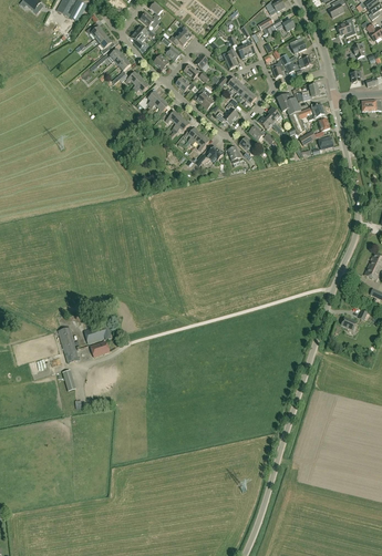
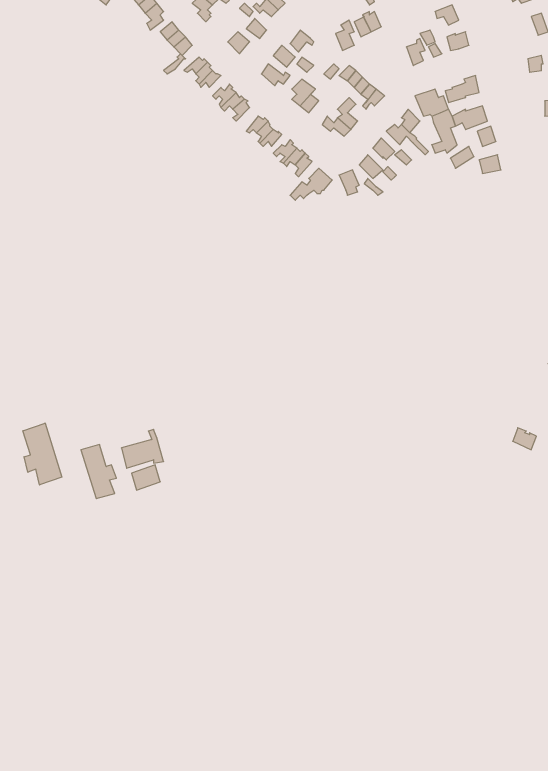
building: none -> [23,423,62,485]

